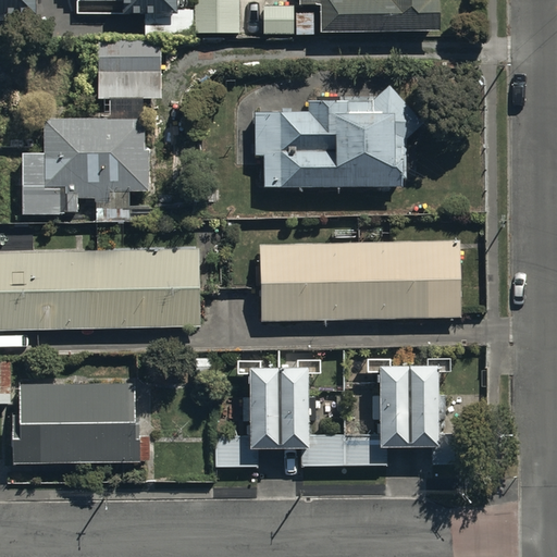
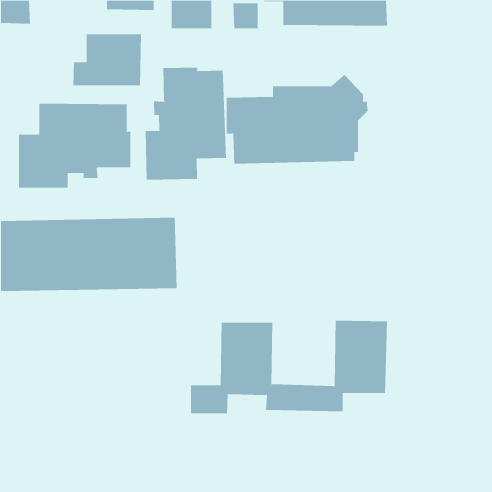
building: none -> [145,67,226,181]
building: [260,240,459,321] -> none
building: [12,381,139,462] -> none

